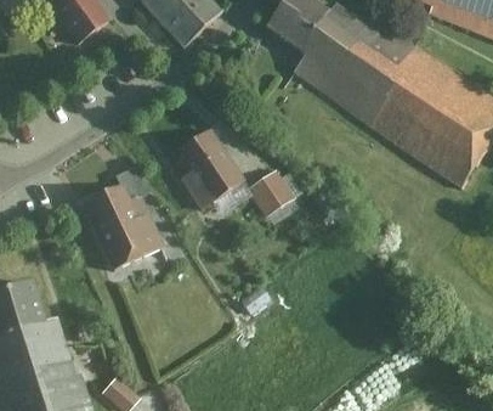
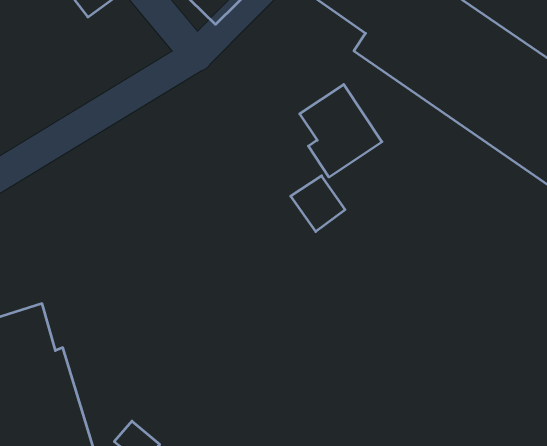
building: [171,126,239,203] -> [300,84,382,177]
building: [91,159,164,266] -> none

